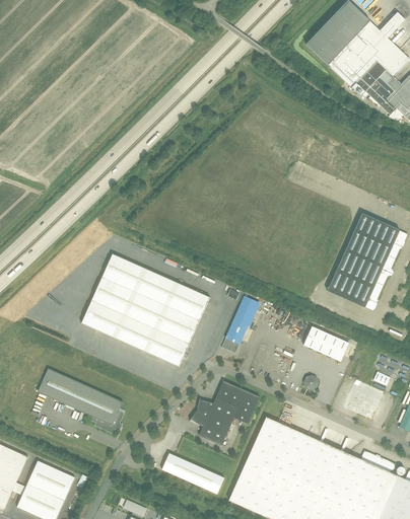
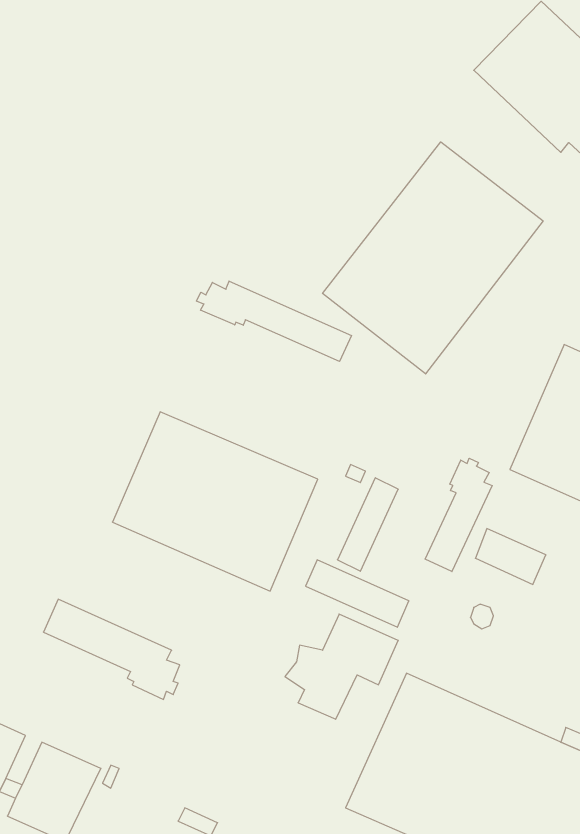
building: none -> [323,142,543,374]
building: none -> [197,281,351,361]
building: none -> [425,458,492,572]
building: [160,453,224,495] -> [306,560,409,627]

